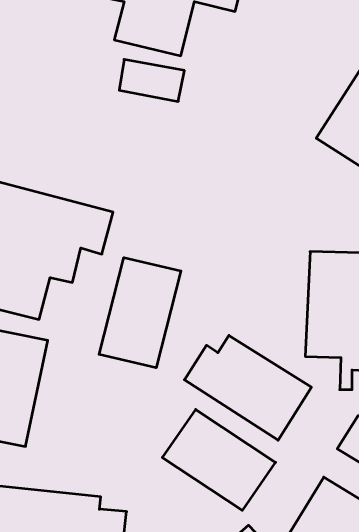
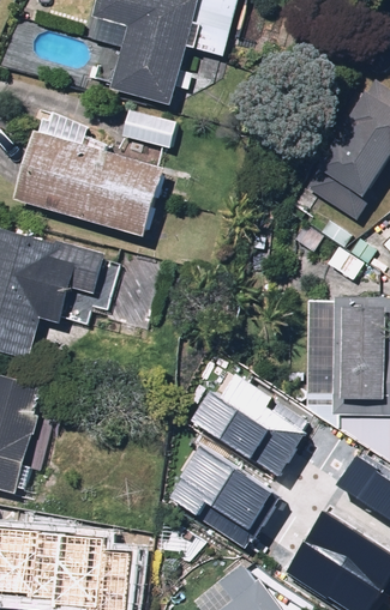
building: none -> [24,131,178,236]
building: [99,258,181,368] -> none

